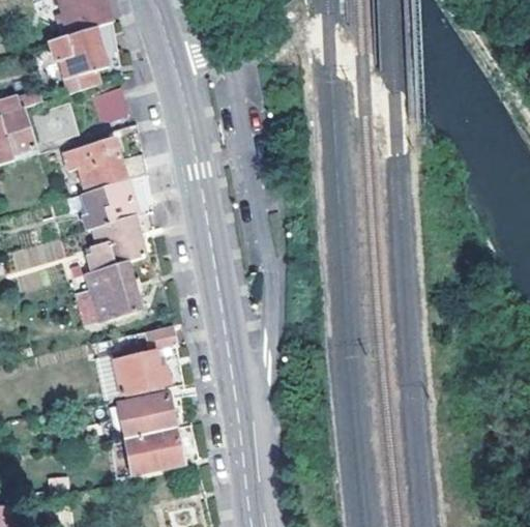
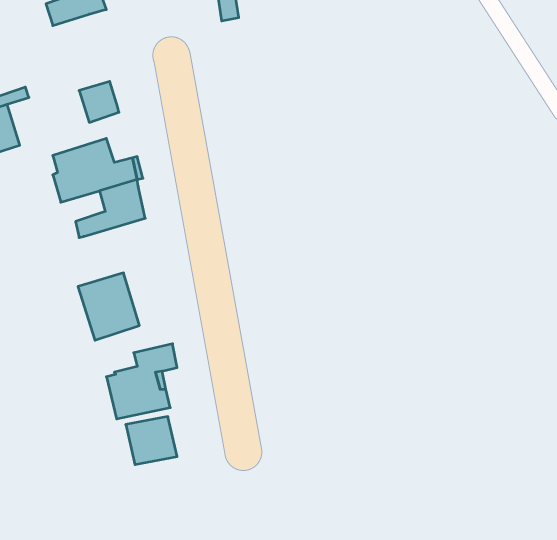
building: [49,26,115,79] -> none
building: [86,211,150,271] -> none
building: [124,428,183,473] -> none

